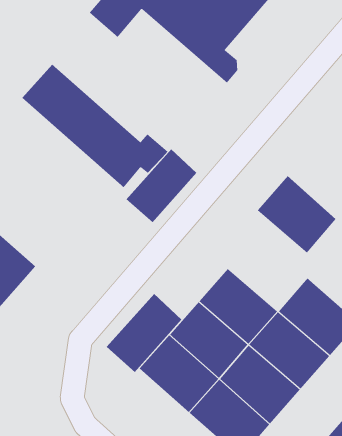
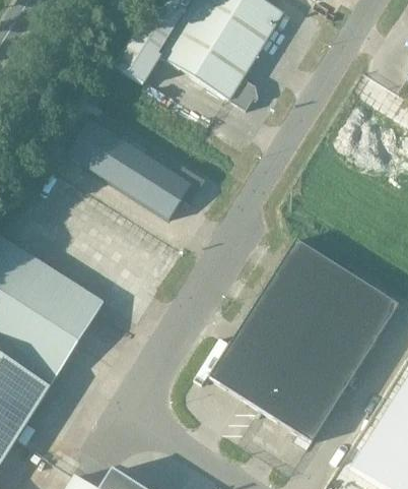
building: [125,149,197,223] -> none
building: [257,175,336,253] -> [273,239,345,306]
building: [106,293,182,373] -> none

